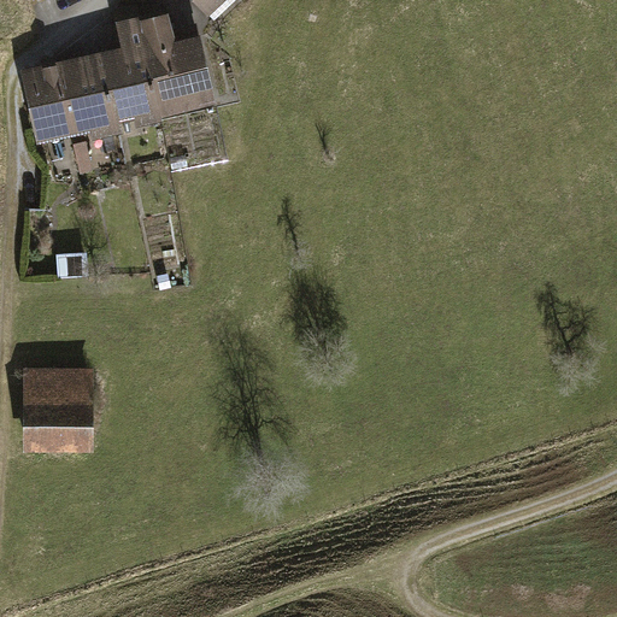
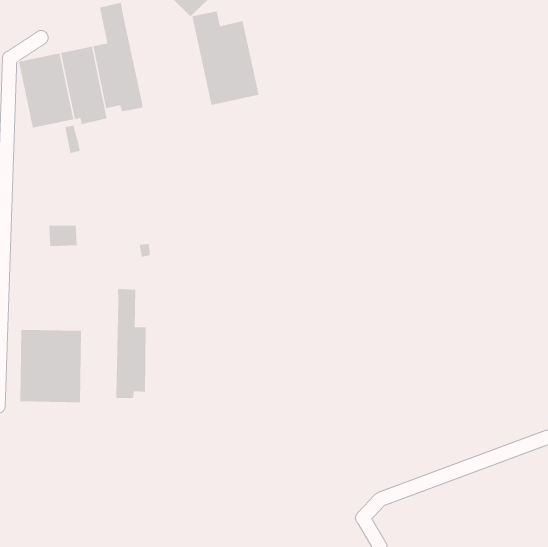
building: [139,11,215,117] -> [192,11,259,106]
building: none -> [116,288,146,399]

